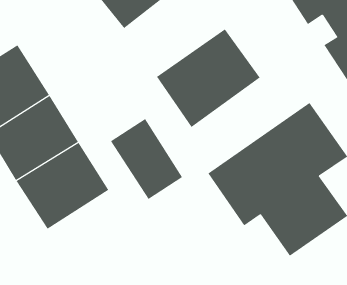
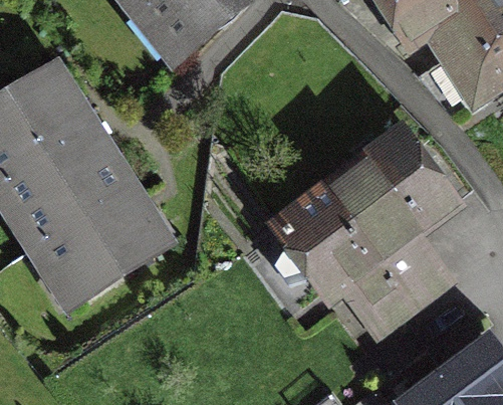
building: [156,29,260,128] -> none
building: [110,118,183,200] -> none

